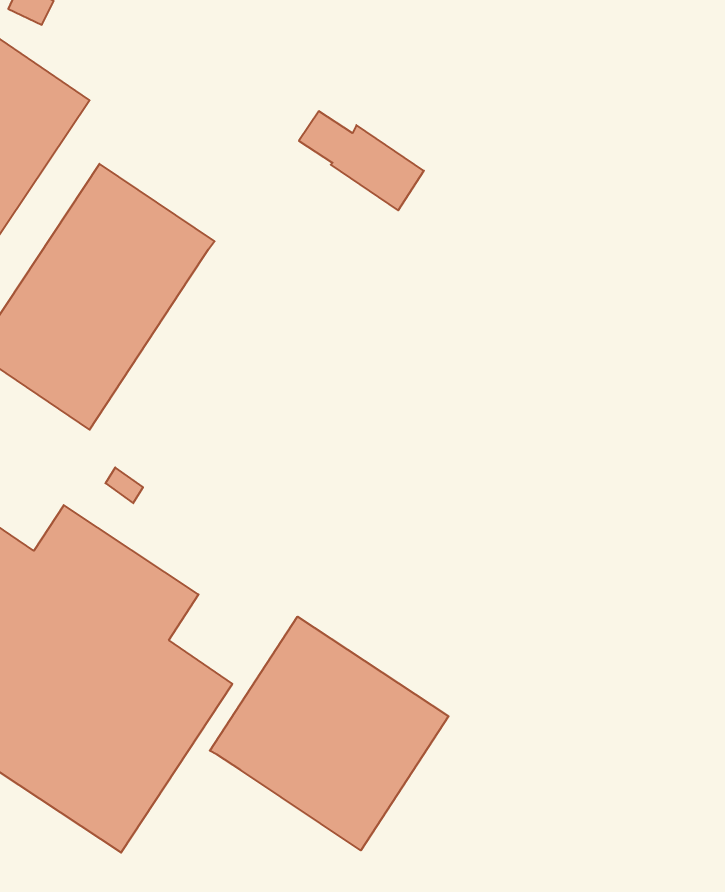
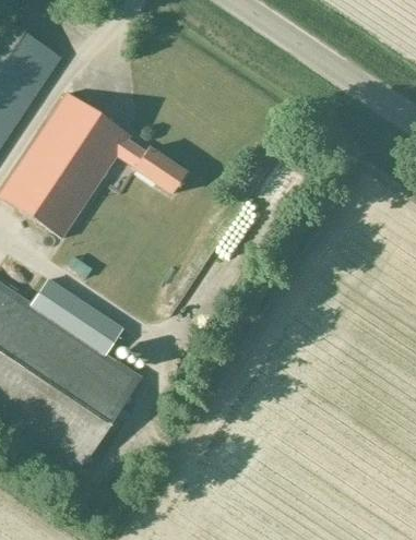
building: [299,111,424,210] -> [118,137,187,192]
building: [210,617,449,850] -> none

